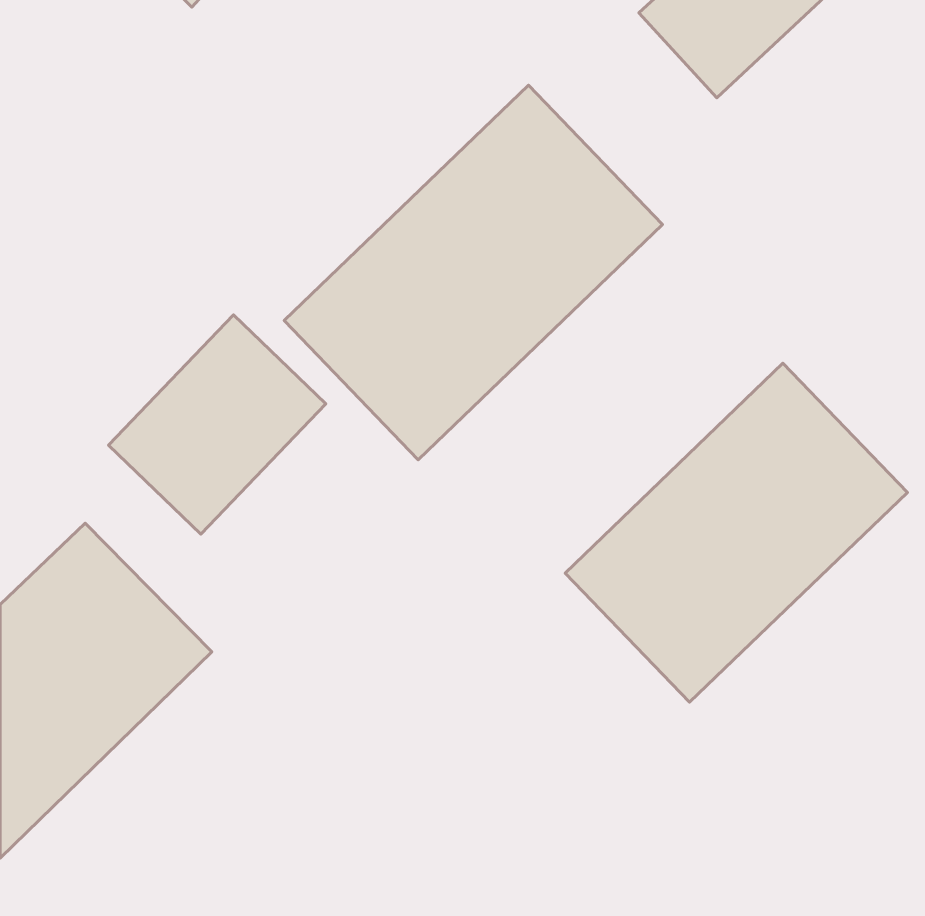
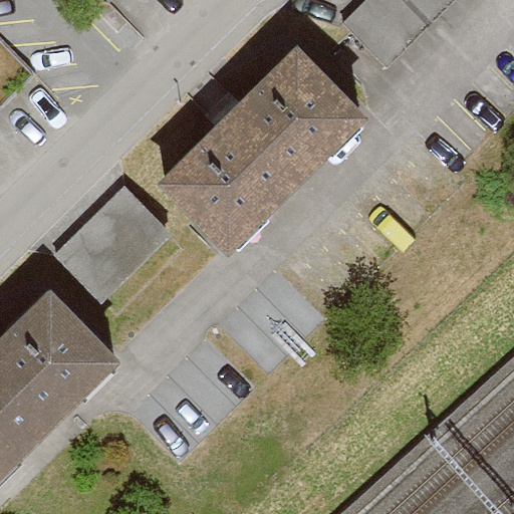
building: [565,363,907,702] -> none

